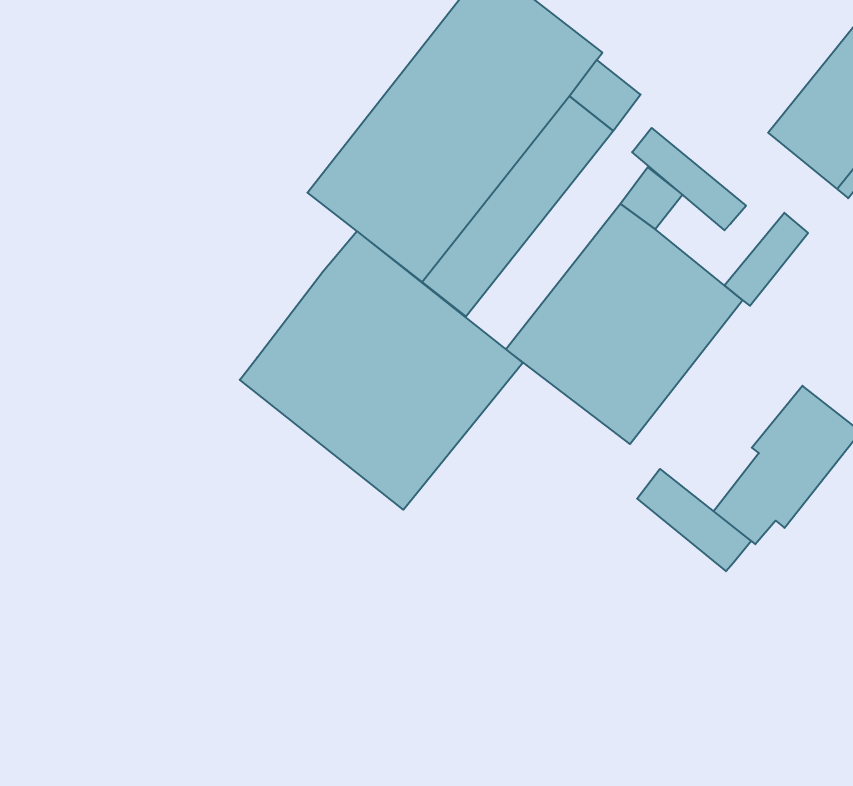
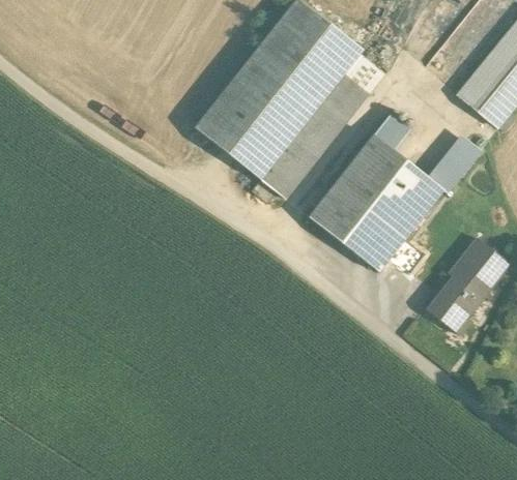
building: [632,128,746,230] -> none
building: [240,231,523,510] -> none
building: [637,469,751,571] -> none

